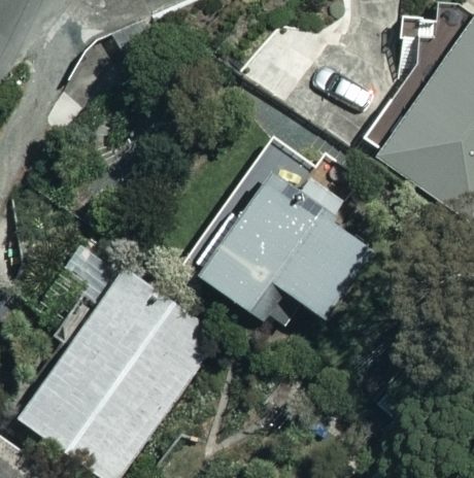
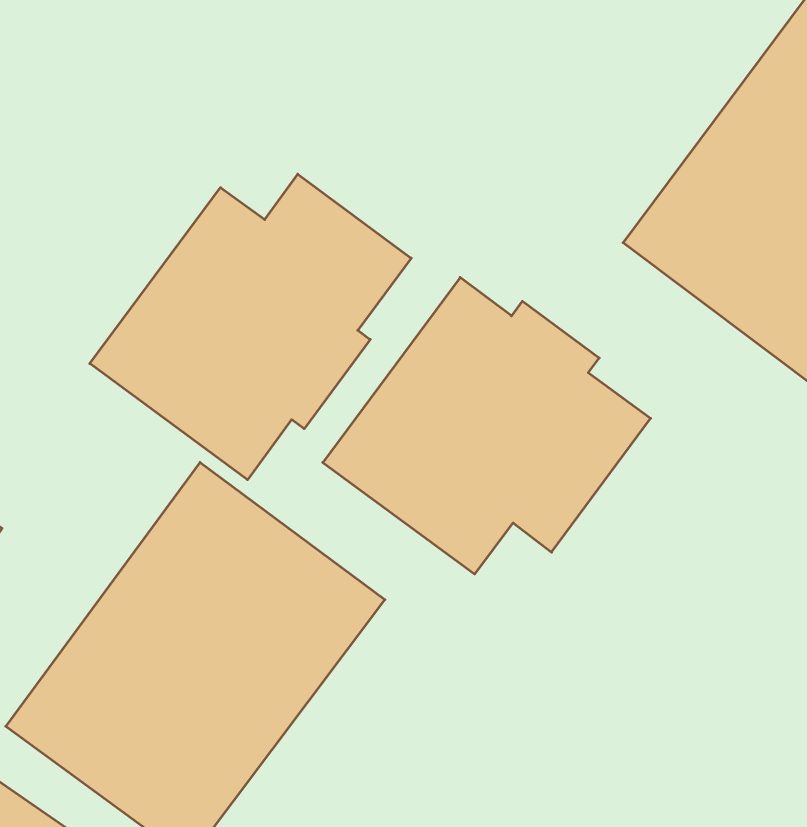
building: none -> [90,174,411,480]

